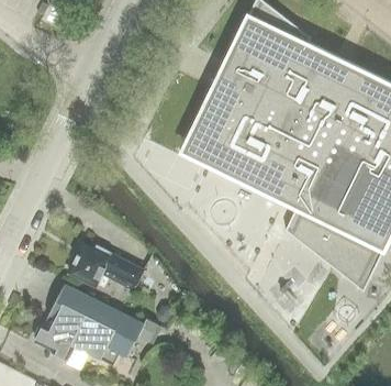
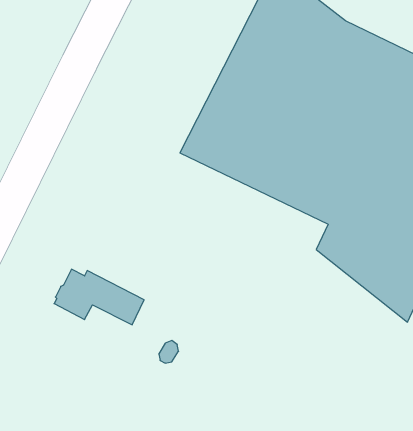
building: [35,285,159,366] -> none

